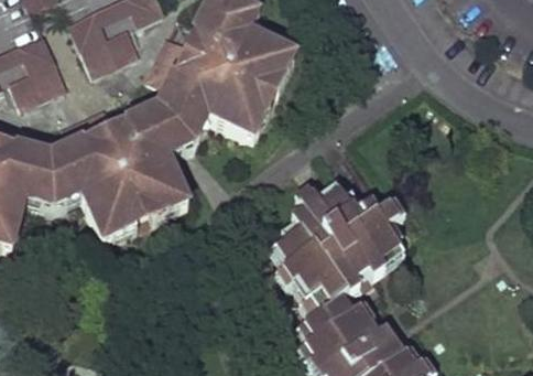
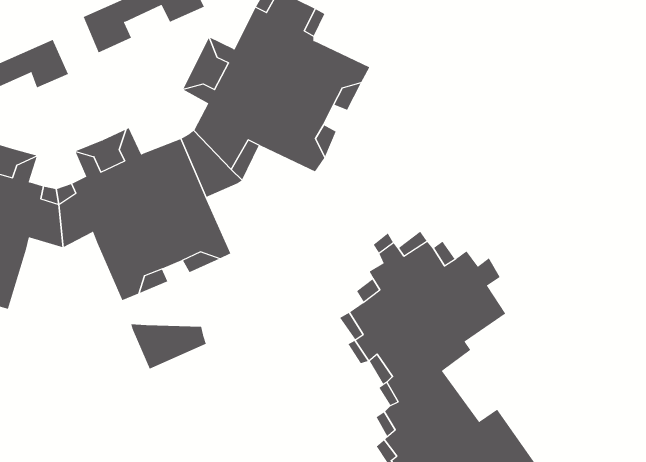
building: [83,23,140,66] -> none
building: [13,60,70,104] -> none
building: none -> [131,324,207,370]

